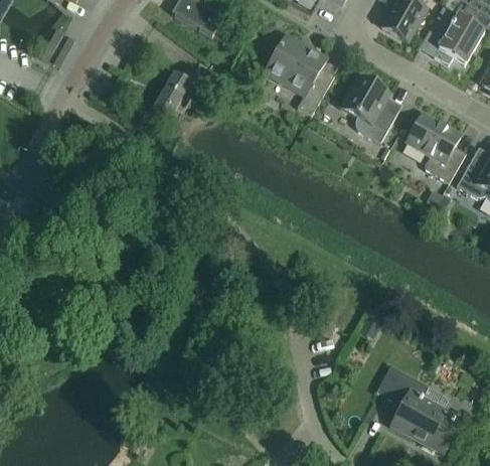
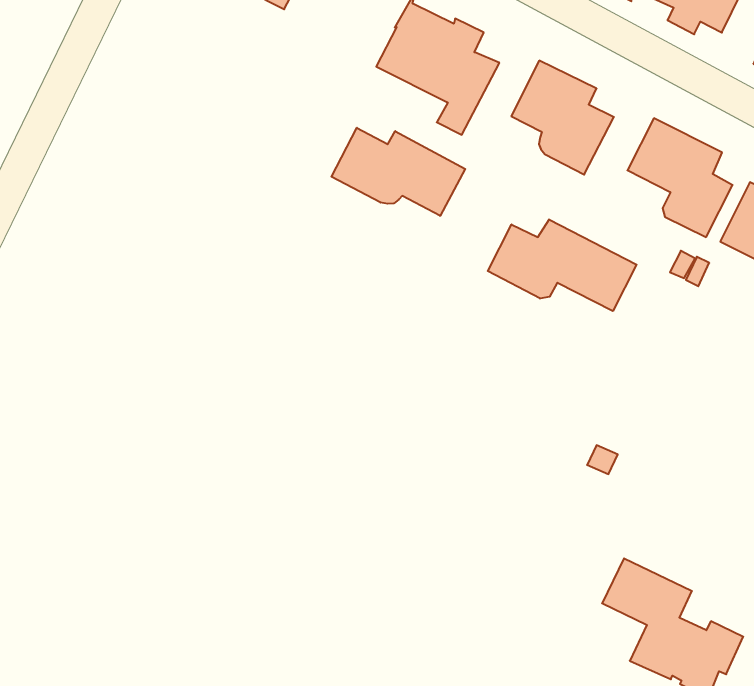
building: [152,72,190,120] -> none
building: none -> [331,128,465,216]
building: none -> [488,219,637,311]

